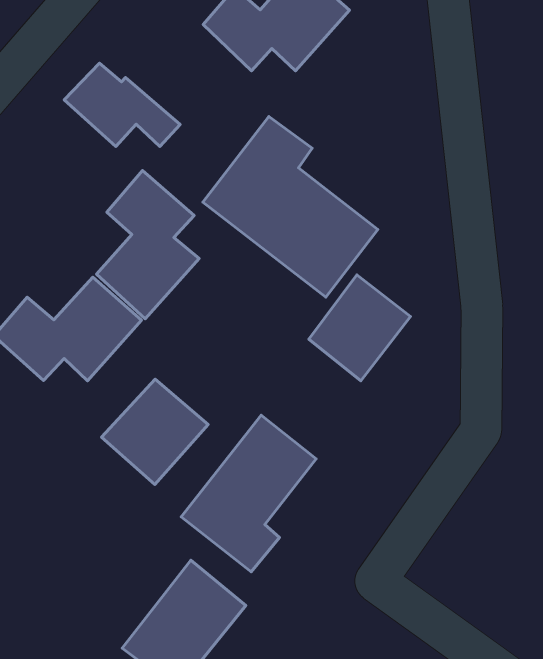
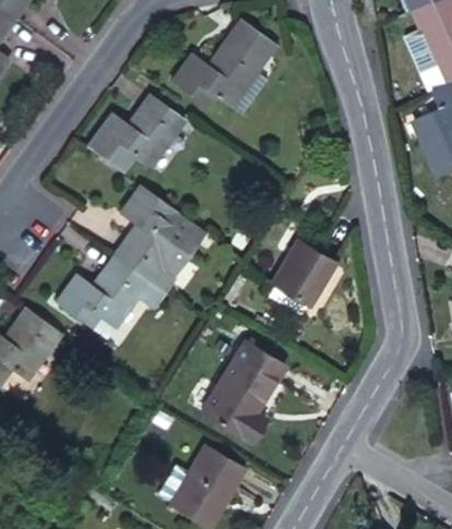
building: none -> [124,95,184,149]
building: [203,116,378,297] -> none
building: [101,379,208,484] -> none

